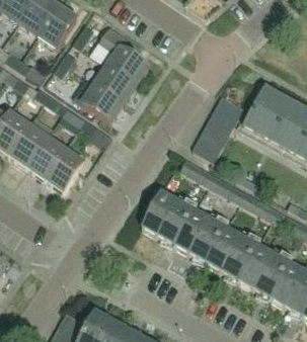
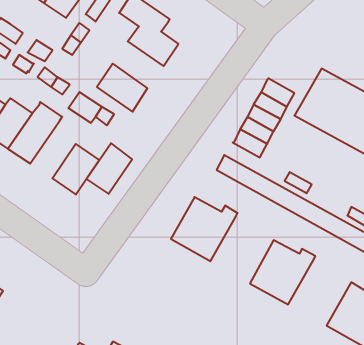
building: [94,65,136,103] -> none
building: [26,136,64,177] -> [86,143,132,194]
building: [174,209,229,263] -> none
building: [238,245,292,297] -> none

